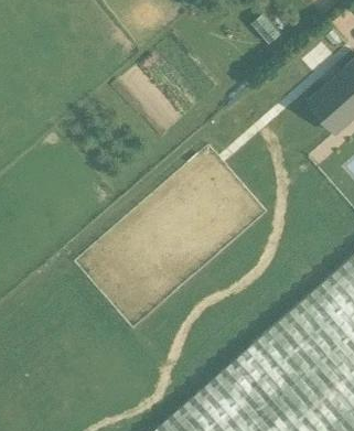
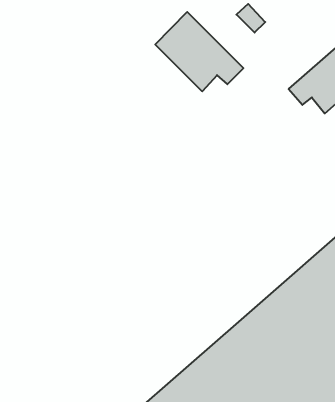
building: none -> [155,12,243,91]

